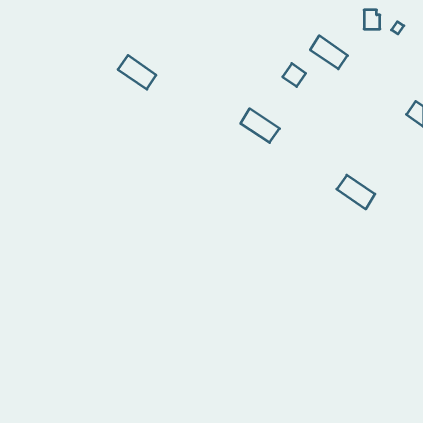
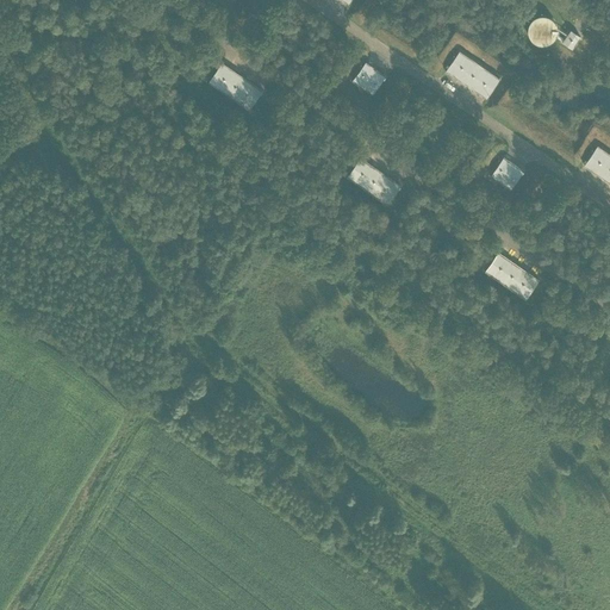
building: [118,55,156,89] -> [208,63,263,112]
building: [283,63,306,87] -> [353,63,386,97]
building: none -> [491,157,524,191]

